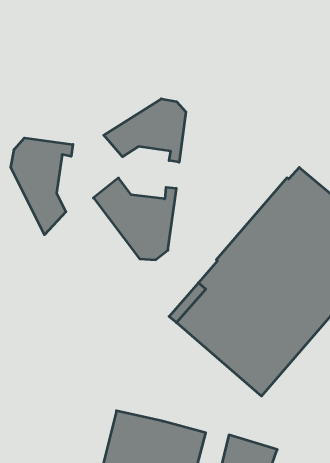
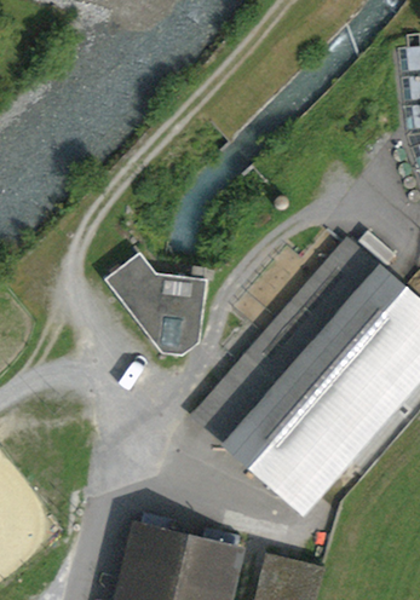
building: [104,99,186,162] -> none
building: [11,138,73,235] -> none

